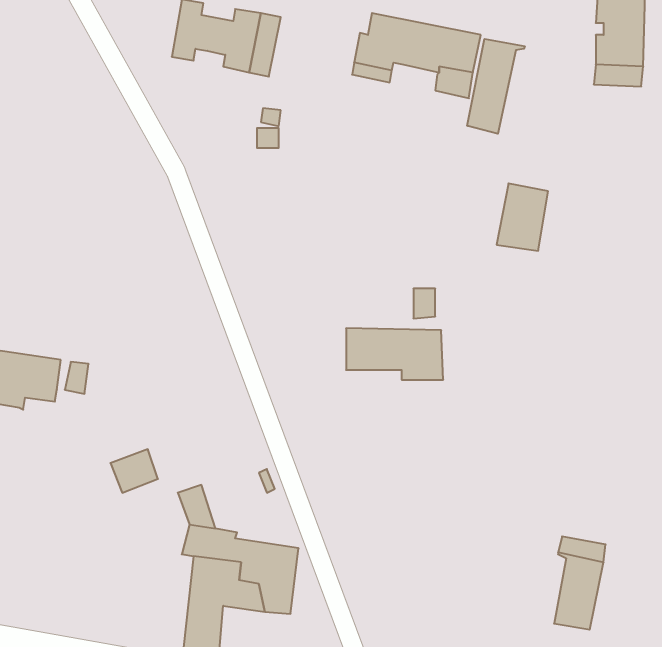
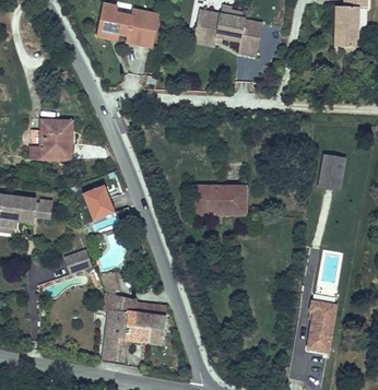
building: [467,39,525,134] -> none
building: [497,183,548,251] -> [318,153,346,190]
building: none -> [28,118,73,157]
building: none -> [83,182,116,217]

